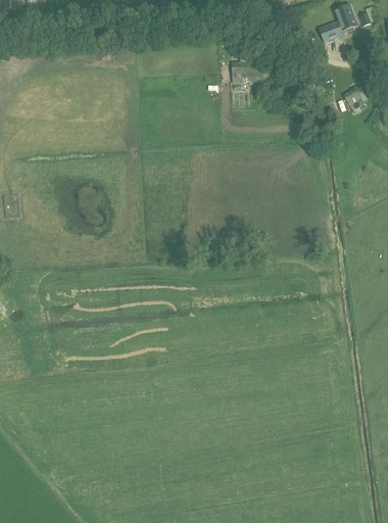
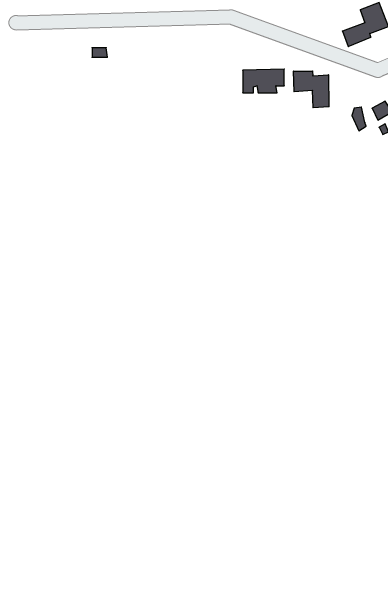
building: none -> [294,71,329,108]

